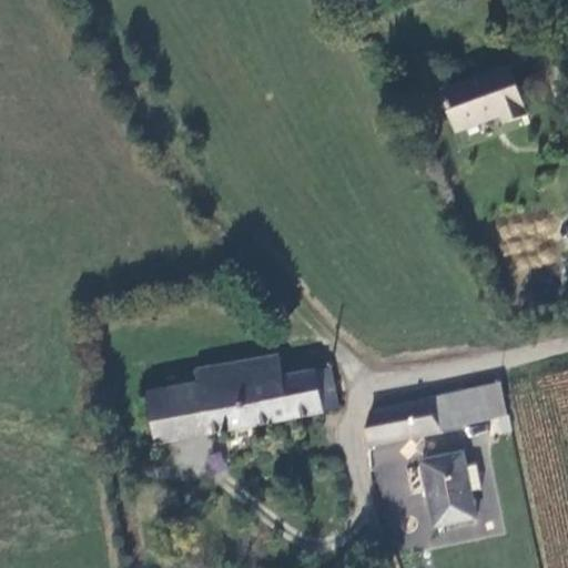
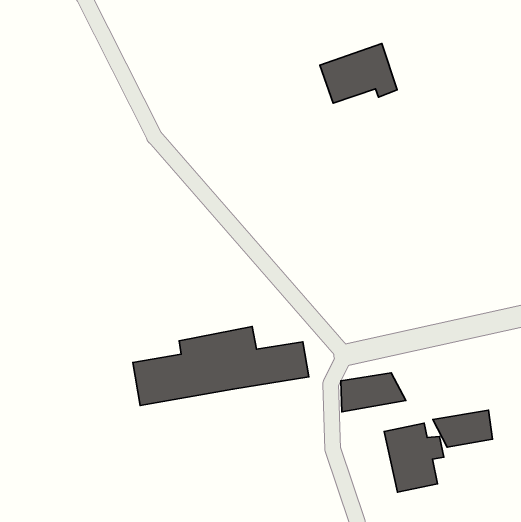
building: [442,65,525,130] -> [320,44,397,103]
building: [427,392,491,432] -> [433,410,493,447]

